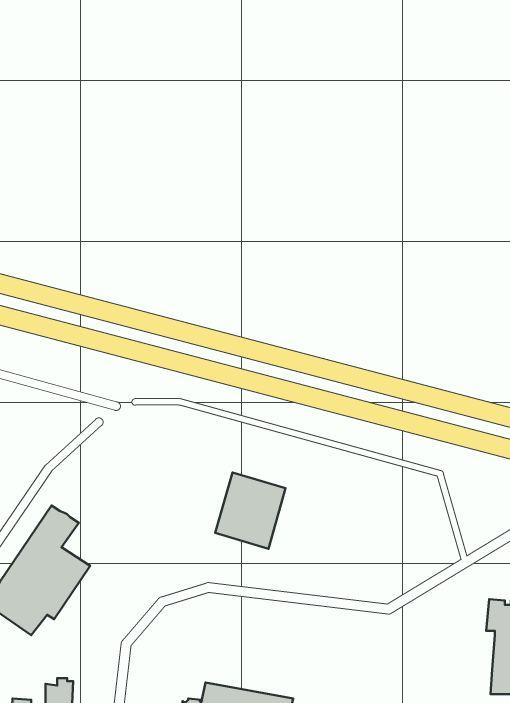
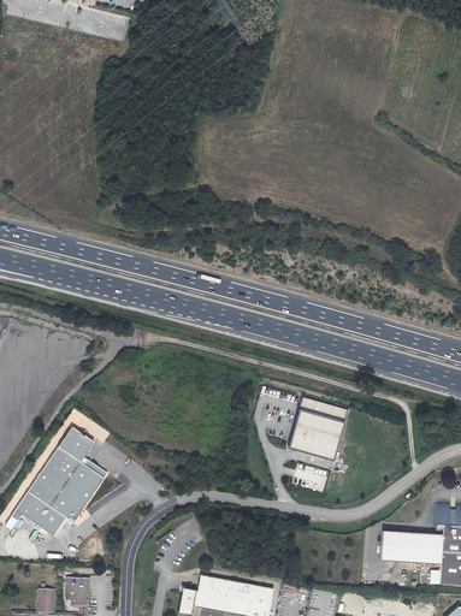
building: [215,472,286,549] -> [289,397,348,461]
building: none -> [380,531,442,563]

